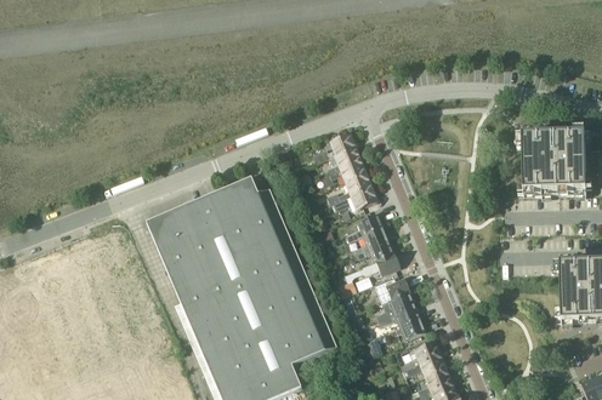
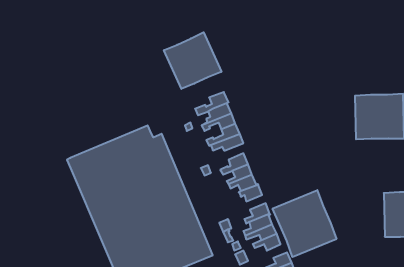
building: none -> [164,32,221,89]
building: none -> [273,190,336,257]

